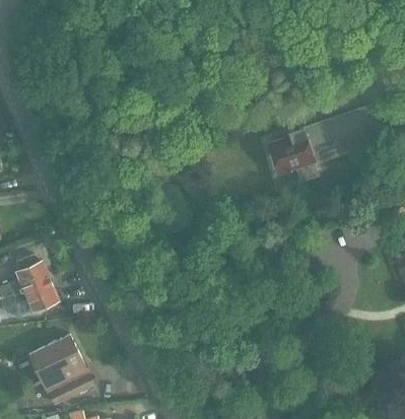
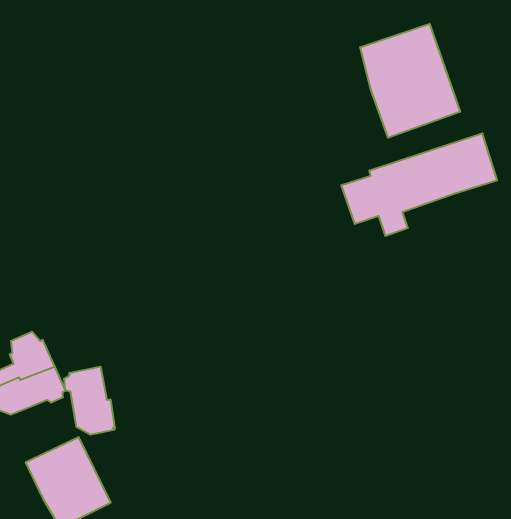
building: none -> [360,24,460,138]
building: none -> [64,367,115,435]

